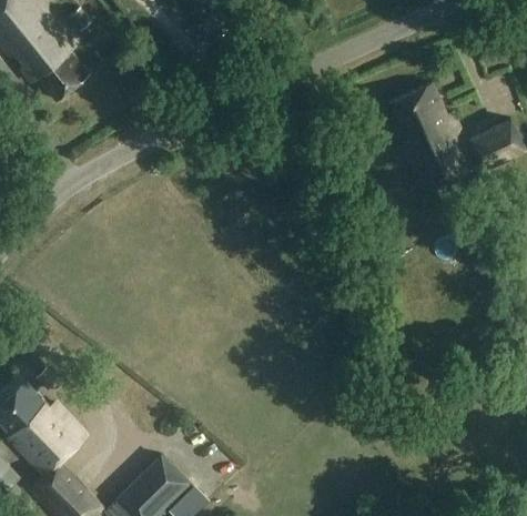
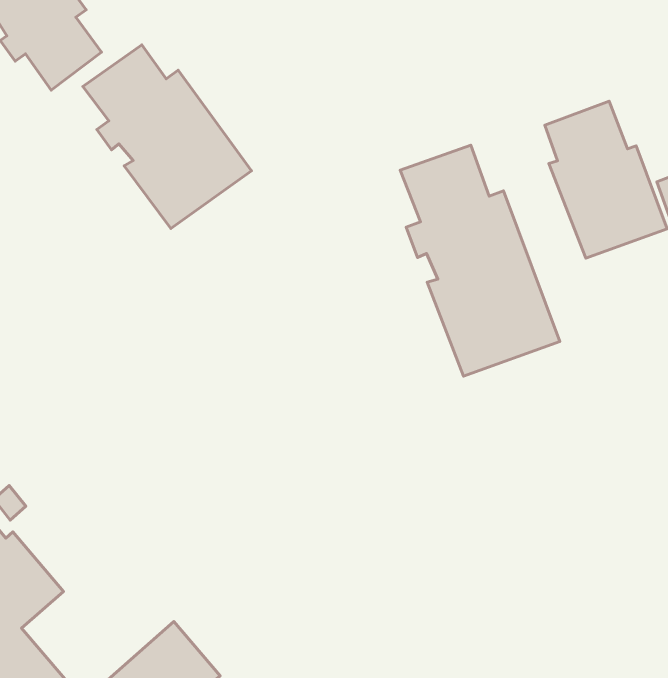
building: none -> [83,45,252,229]
building: none -> [400,145,560,376]

